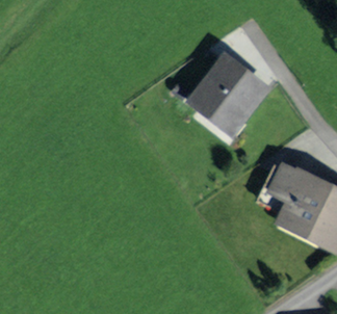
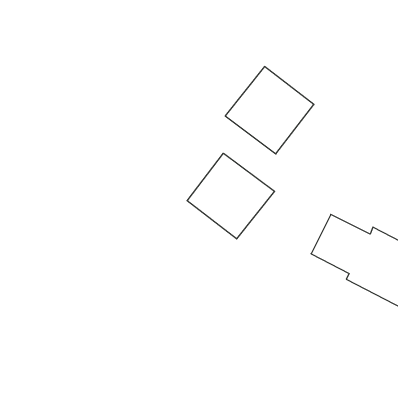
building: none -> [187,153,275,239]

